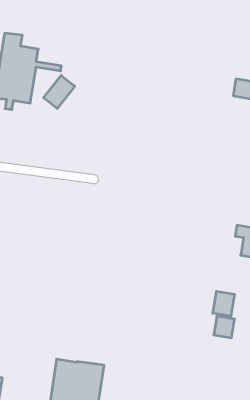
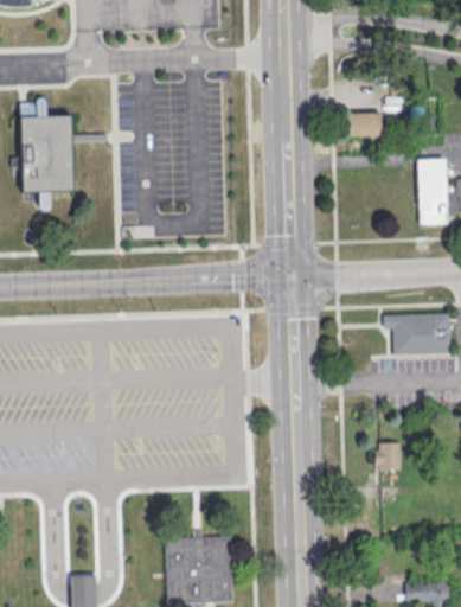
building: [44,75,75,108] -> none
building: [213,291,234,316] -> none

